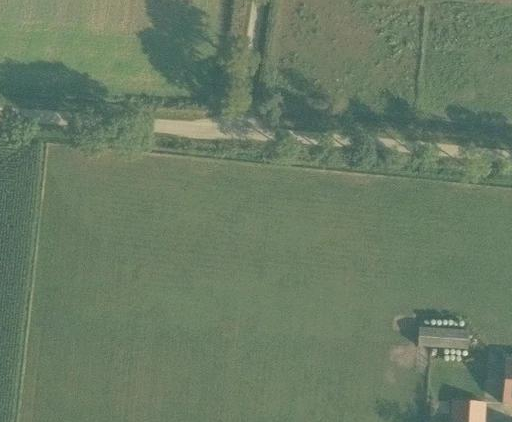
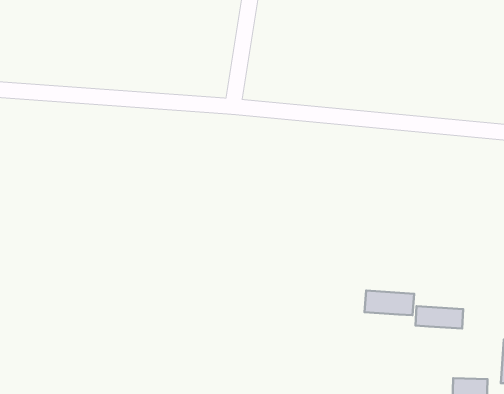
building: none -> [365,291,414,315]

